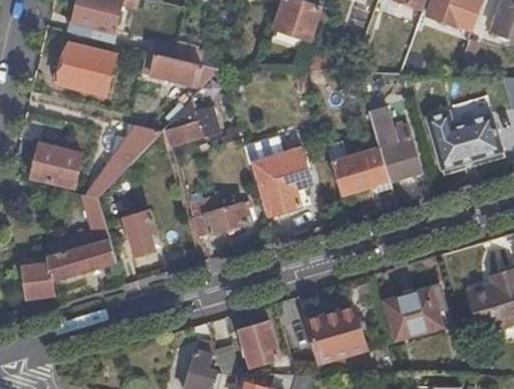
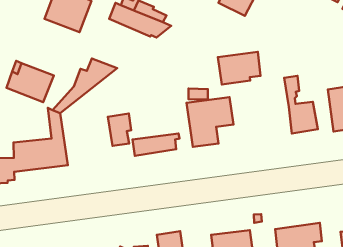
building: [162,98,203,144] -> none
building: [331,147,388,194] -> [218,52,261,84]
building: [123,209,155,252] -> [108,113,131,146]

